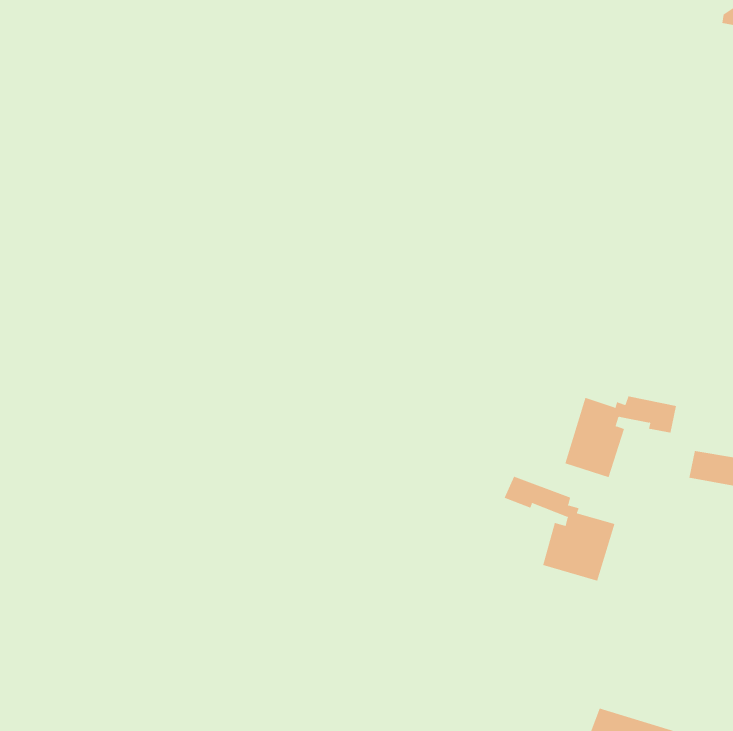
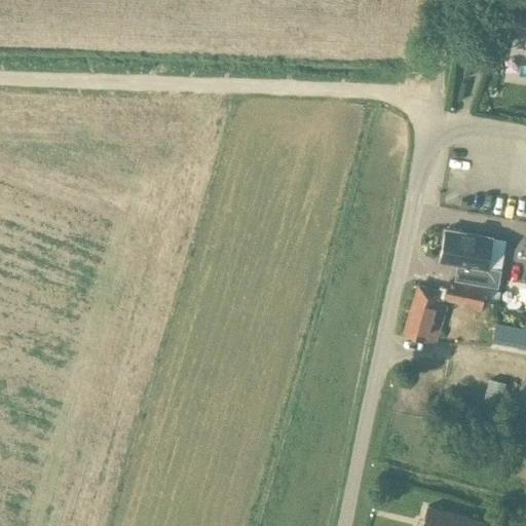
building: none -> [441,231,502,290]
building: [504,476,615,581] -> none

